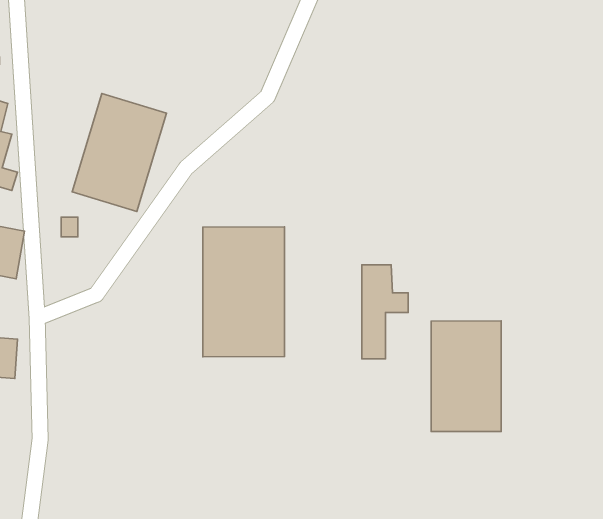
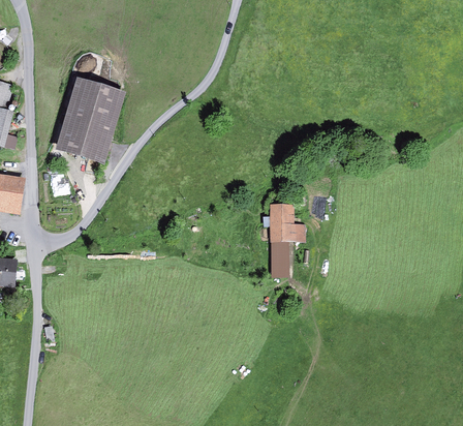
building: [203,227,284,357] -> none
building: [431,321,501,432] -> none

